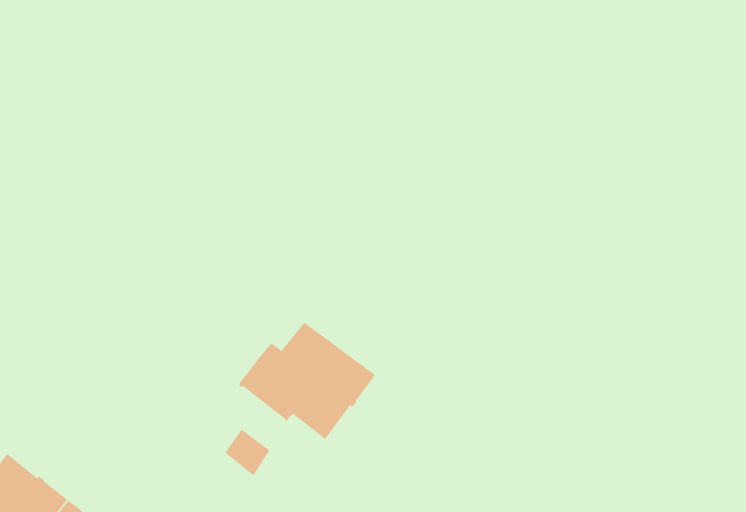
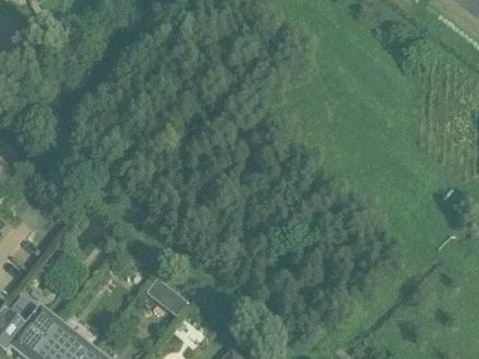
building: [238,322,376,439] -> none

